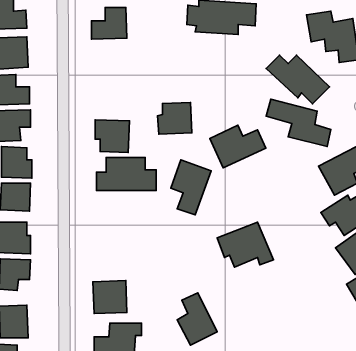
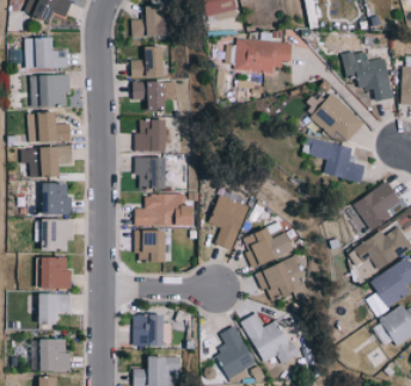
building: none -> [133,81,167,110]
building: [158,102,192,134] -> [135,120,168,151]
building: [210,125,266,168] -> [241,227,296,269]
building: none -> [136,229,168,262]
building: none -> [241,313,299,364]

